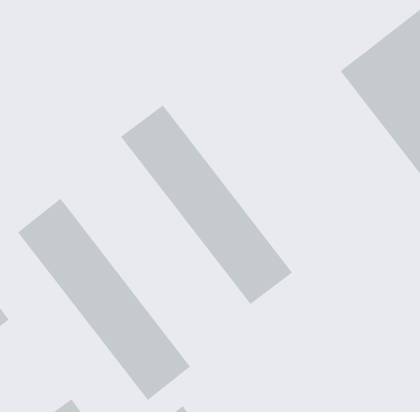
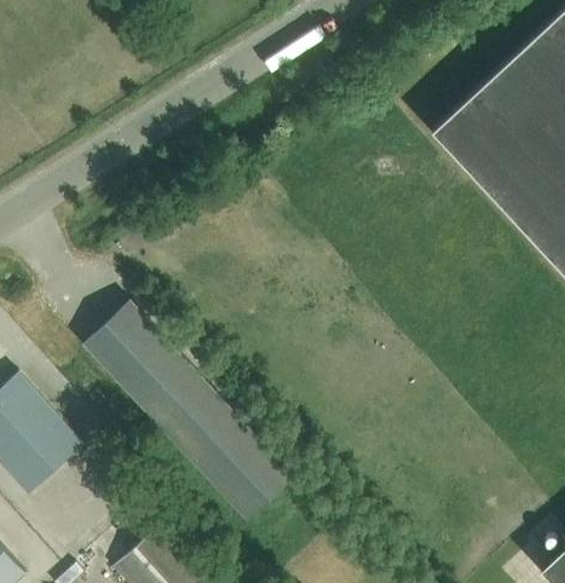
building: [120,104,293,305] -> none

